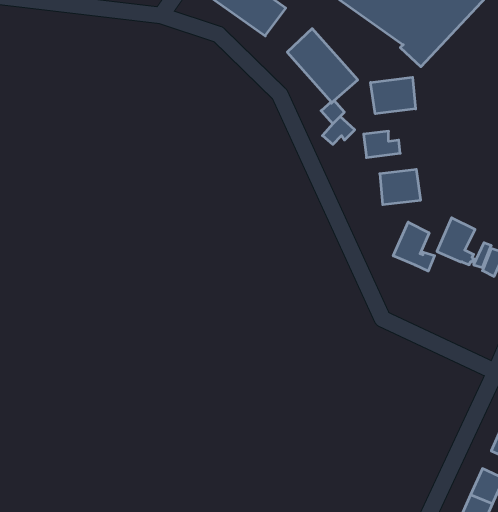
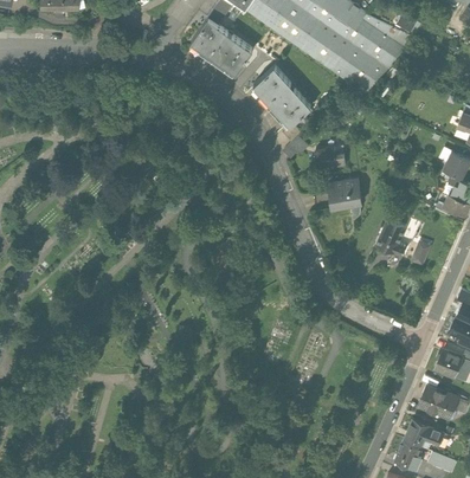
building: [371,77,416,114] -> none
building: [393,222,435,271] -> none

